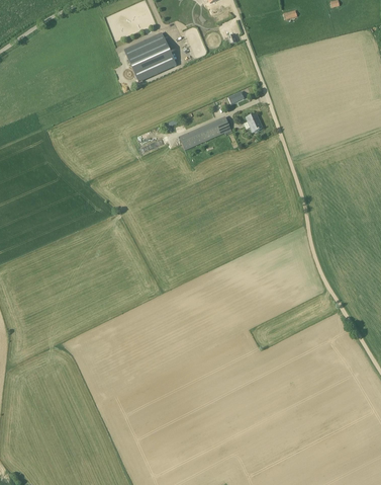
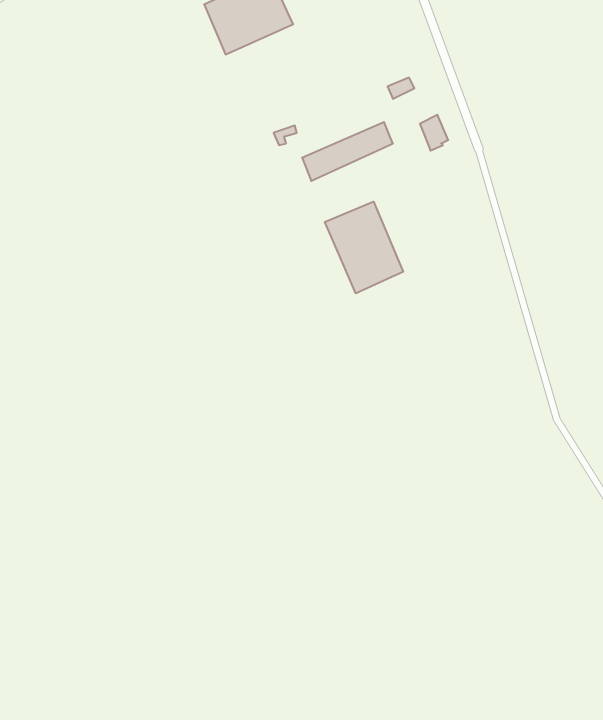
building: none -> [325,202,403,293]

